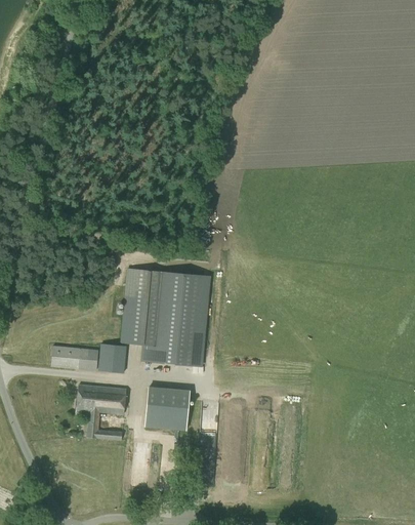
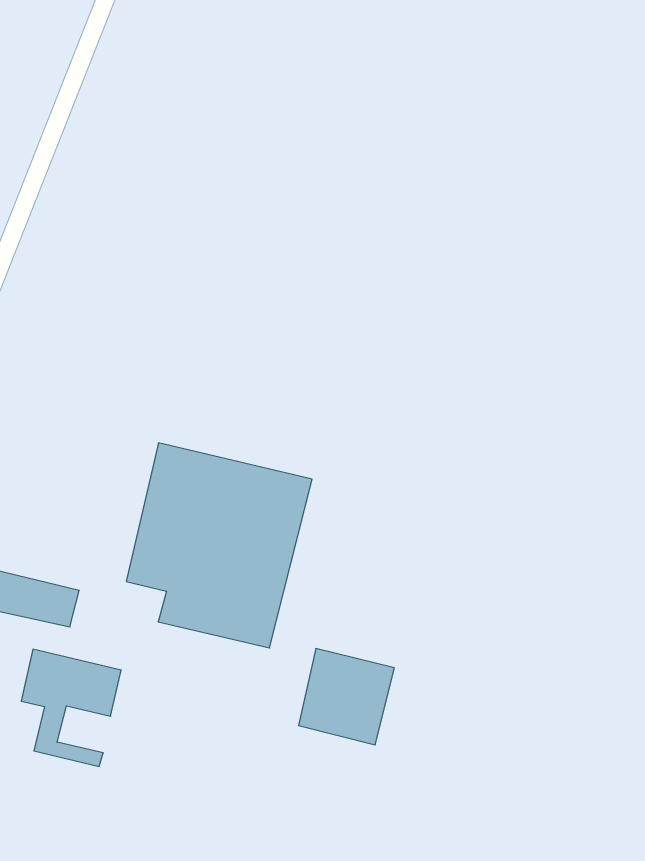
building: [98,344,127,373] -> none
building: [146,386,191,431] -> [299,649,394,745]

